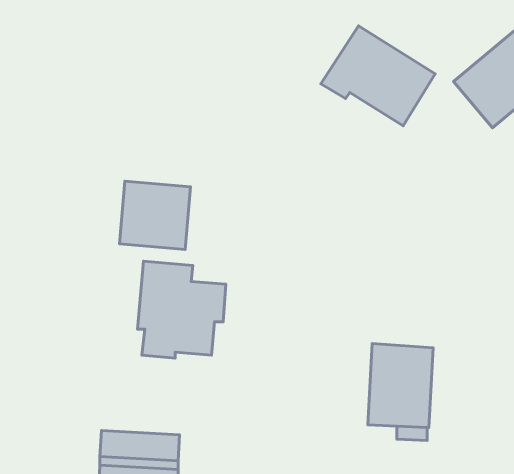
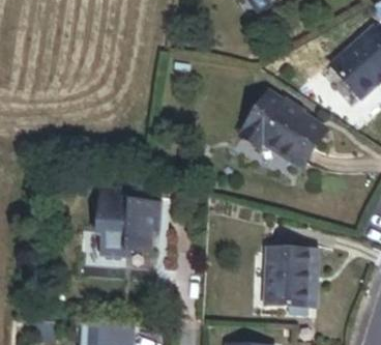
building: [321,26,435,126] -> [245,94,327,166]
building: [119,181,191,250] -> none

